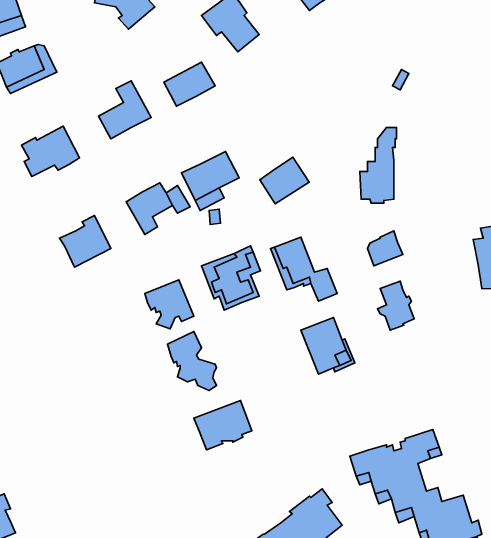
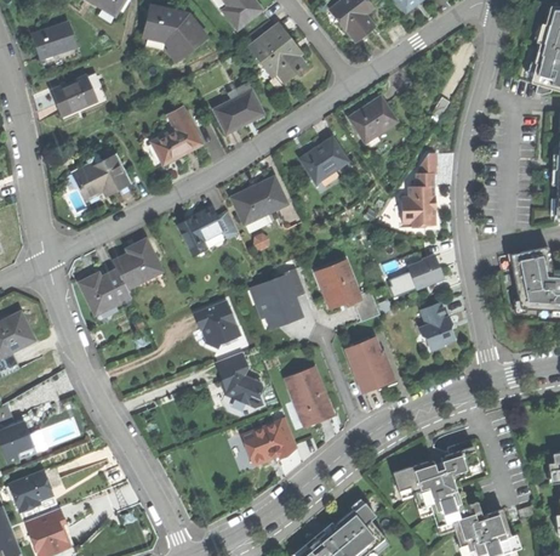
building: none -> [345,95,396,142]
building: [260,157,309,204] -> [299,137,347,182]
building: none -> [79,268,130,314]
building: none -> [285,367,330,425]

